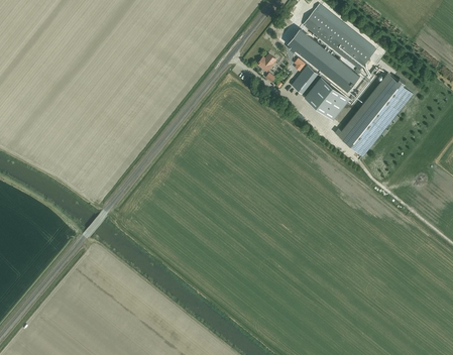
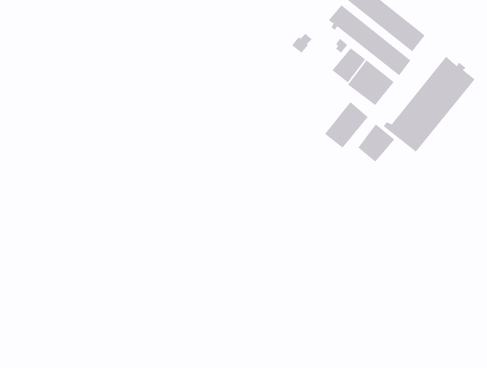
building: none -> [324,101,369,149]
building: none -> [357,123,395,162]

